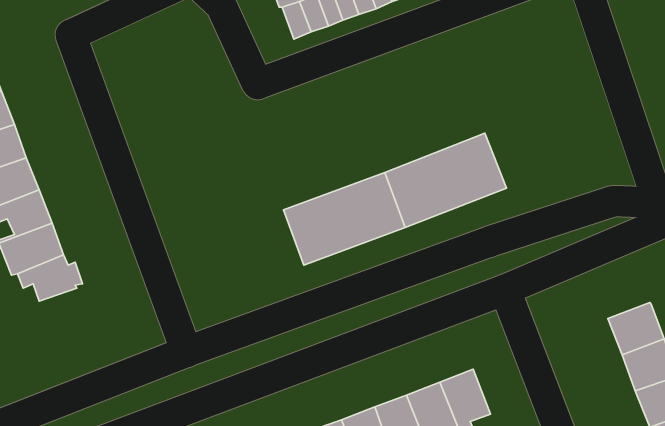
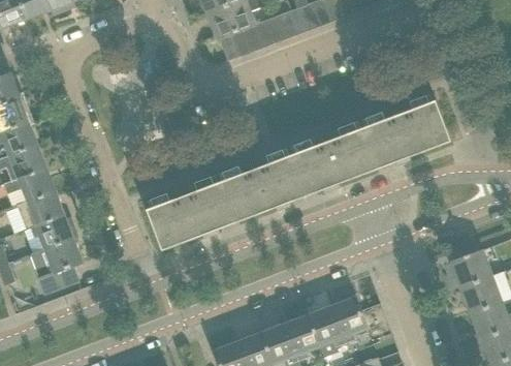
building: none -> [361,101,448,167]
building: none -> [146,183,232,249]
building: none -> [28,239,78,295]

